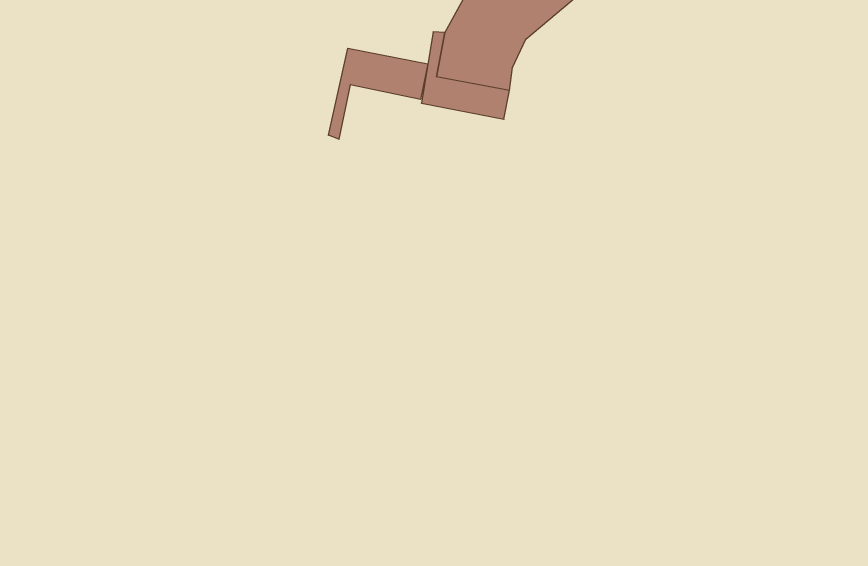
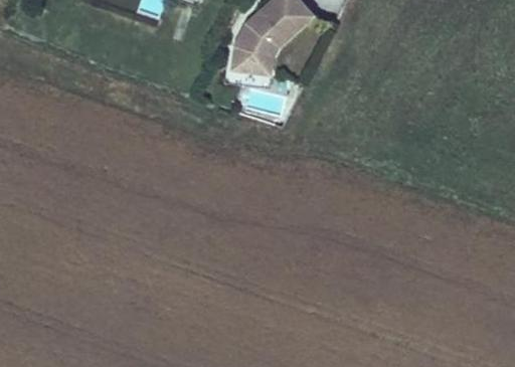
building: [328,48,428,139] -> none

